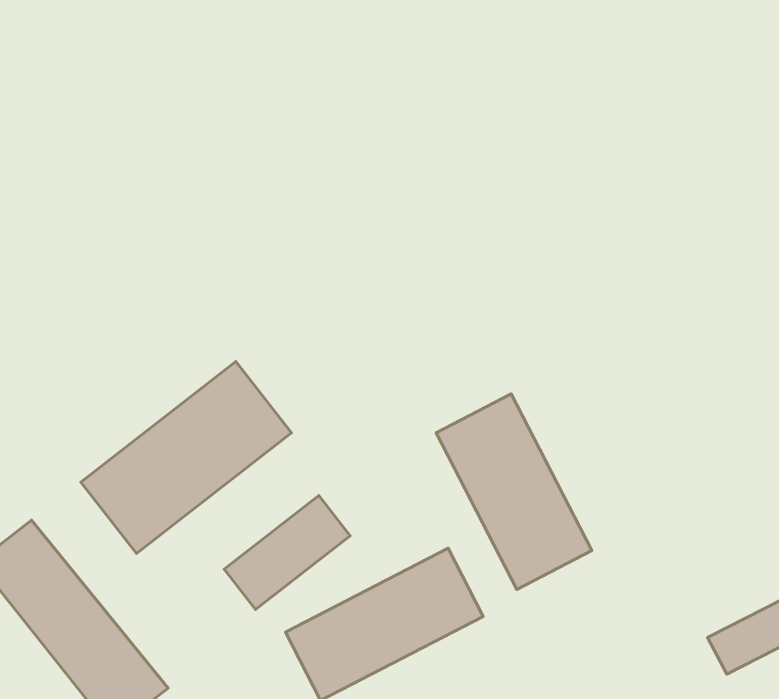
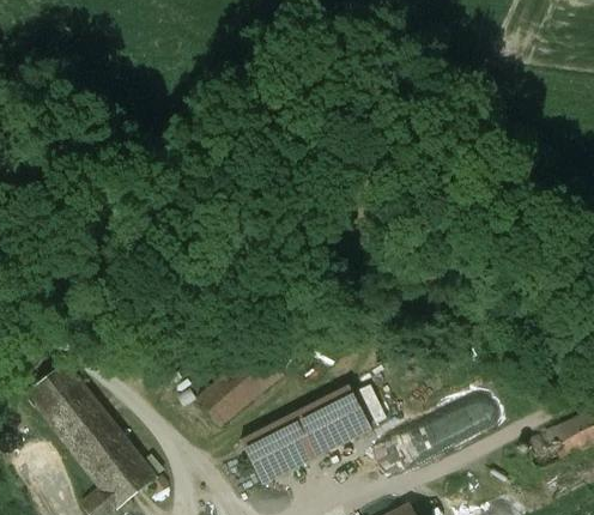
building: [81,362,292,553] -> none
building: [436,394,592,589] -> none

